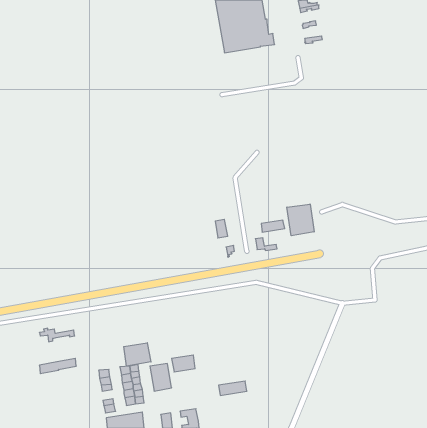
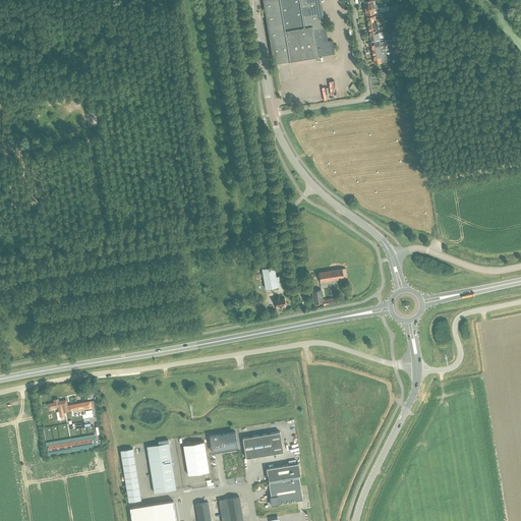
building: [287,204,314,236] -> none
building: [124,343,151,366] -> none
building: none -> [242,431,283,458]
building: none -> [268,477,302,506]

